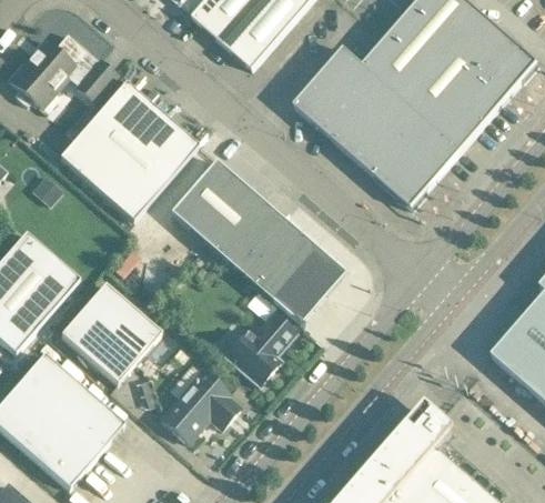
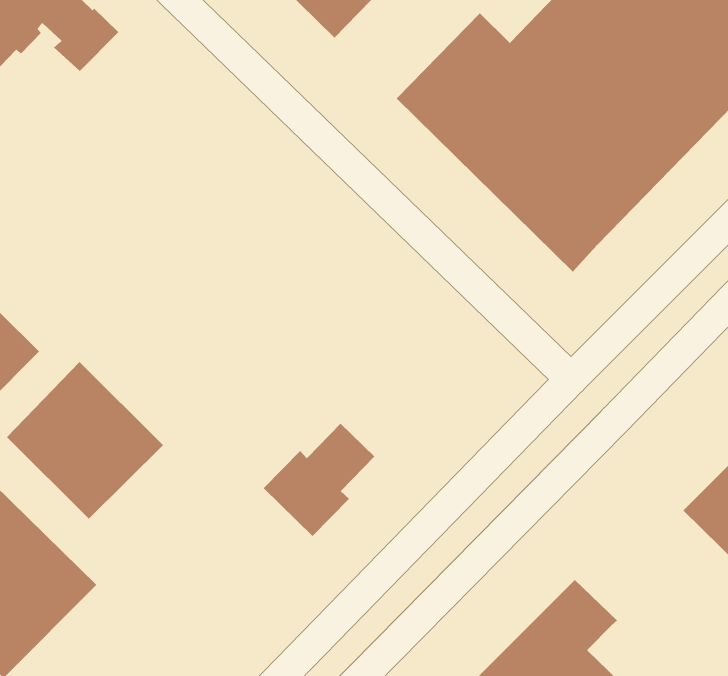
building: [60,81,199,220] -> none
building: [170,159,344,323] -> none
building: [160,369,240,441] -> none

